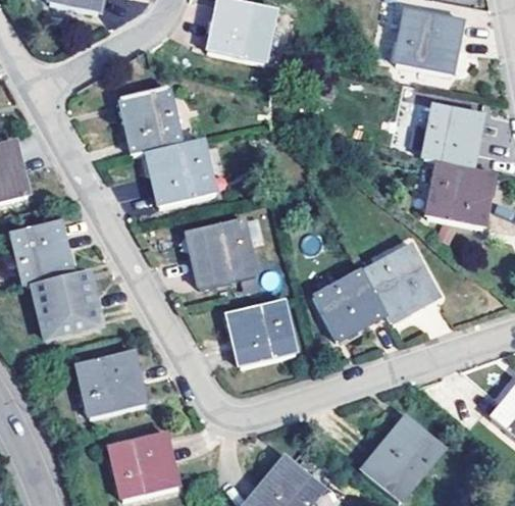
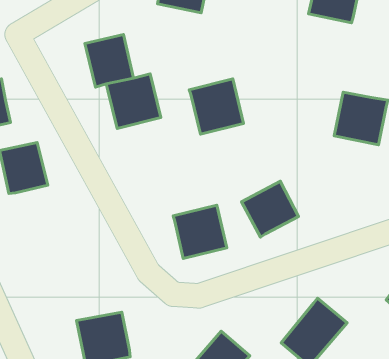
building: [423,101,481,165] -> none
building: [186,218,253,287] -> [189,79,244,134]
building: [360,244,437,320] -> none
building: [33,271,98,338] -> none
building: [76,352,142,418] -> none

